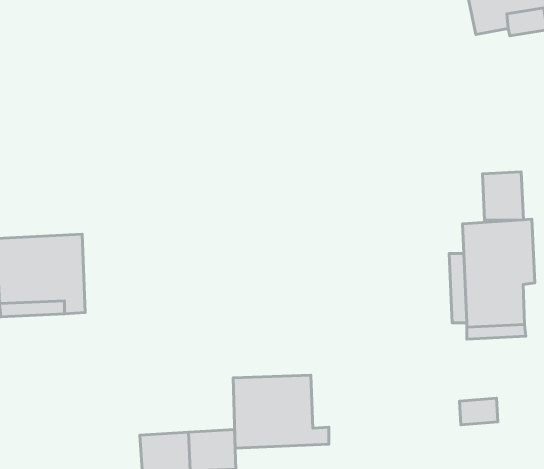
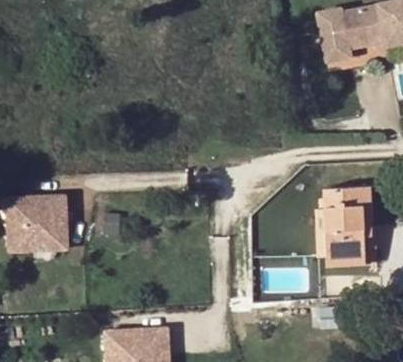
building: [482,172,524,220] -> none
building: [233,375,329,448] -> none

